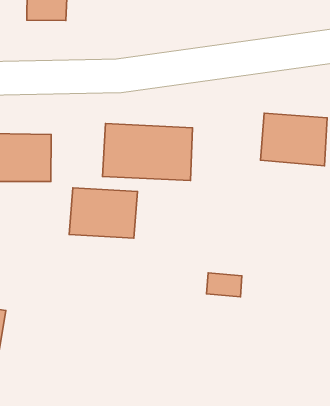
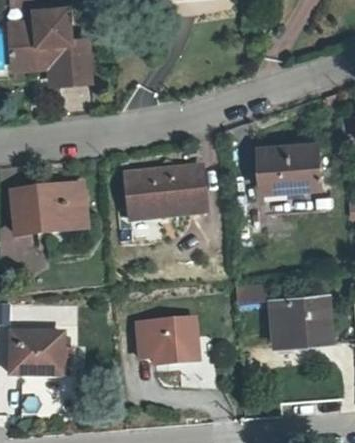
building: [69,188,137,238] -> [141,319,198,363]
building: none -> [271,296,330,356]

